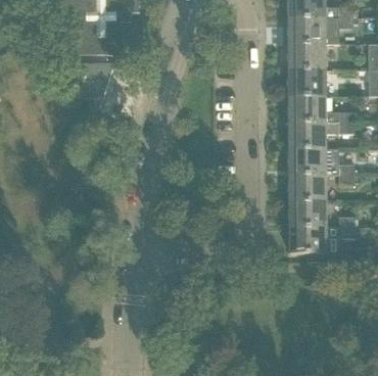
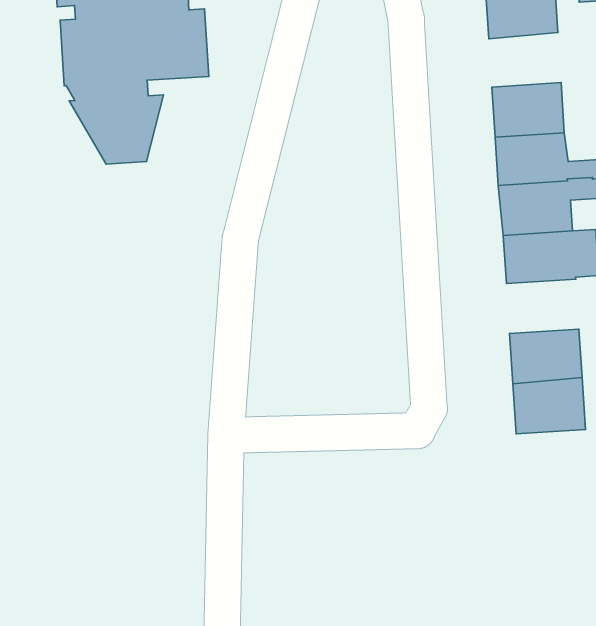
building: [288,42,325,68] -> none
building: [289,173,326,199] -> none

